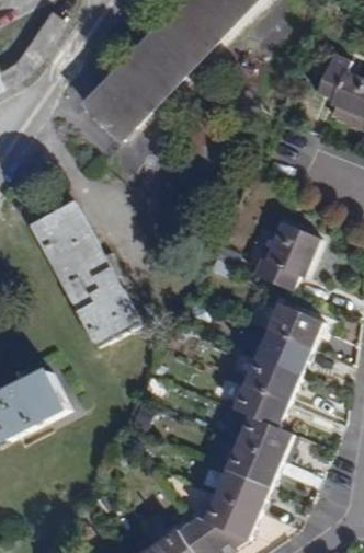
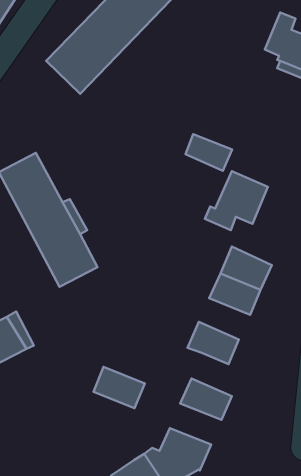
building: none -> [185,134,232,171]
building: [244,357,299,401] -> none
building: [237,415,292,461] -> none
building: [214,469,269,512] -> [93,367,145,408]

